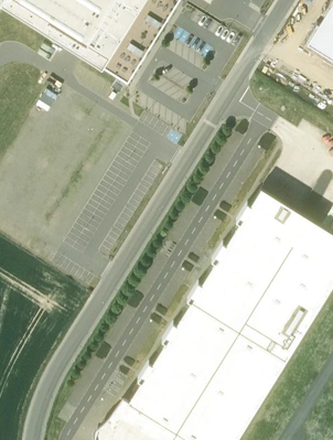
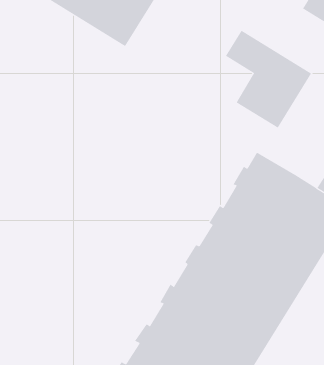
building: none -> [225,30,312,129]

